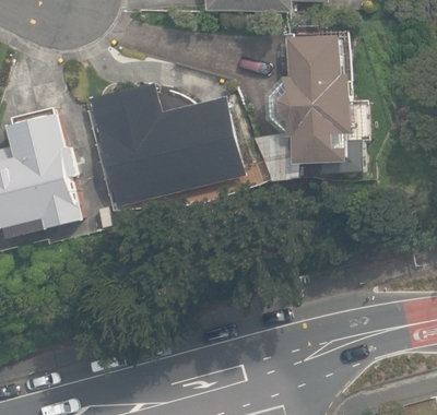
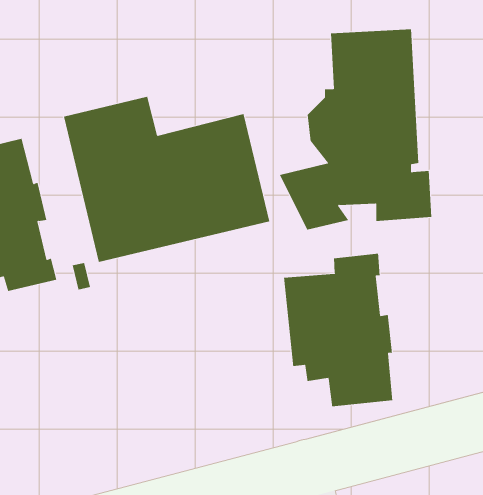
building: none -> [284,253,393,407]

